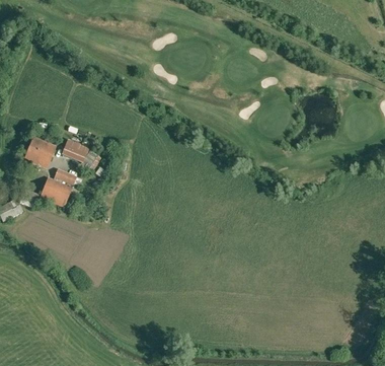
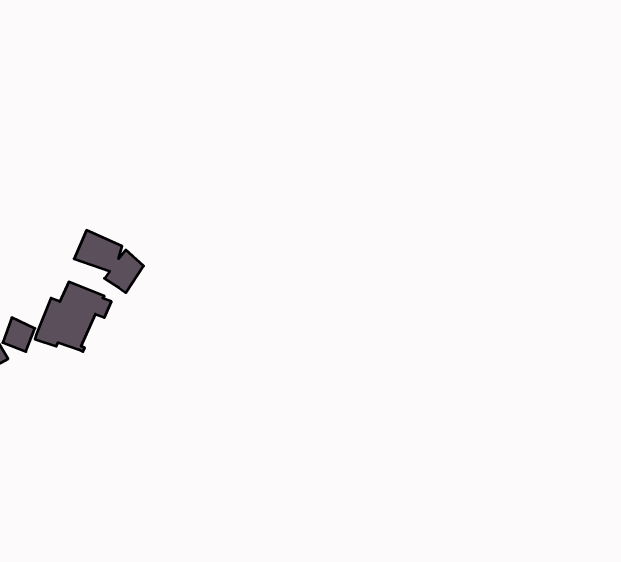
building: [23,137,58,169] -> none

